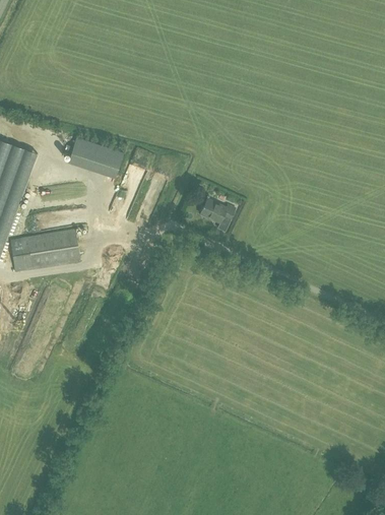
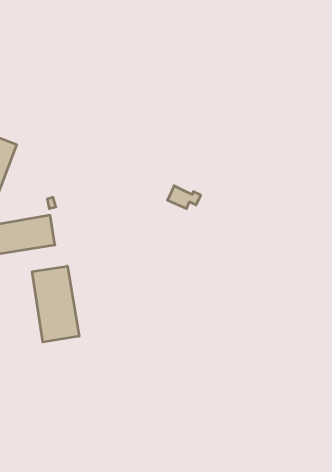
building: [69,136,125,176] -> none
building: none -> [32,266,79,342]

